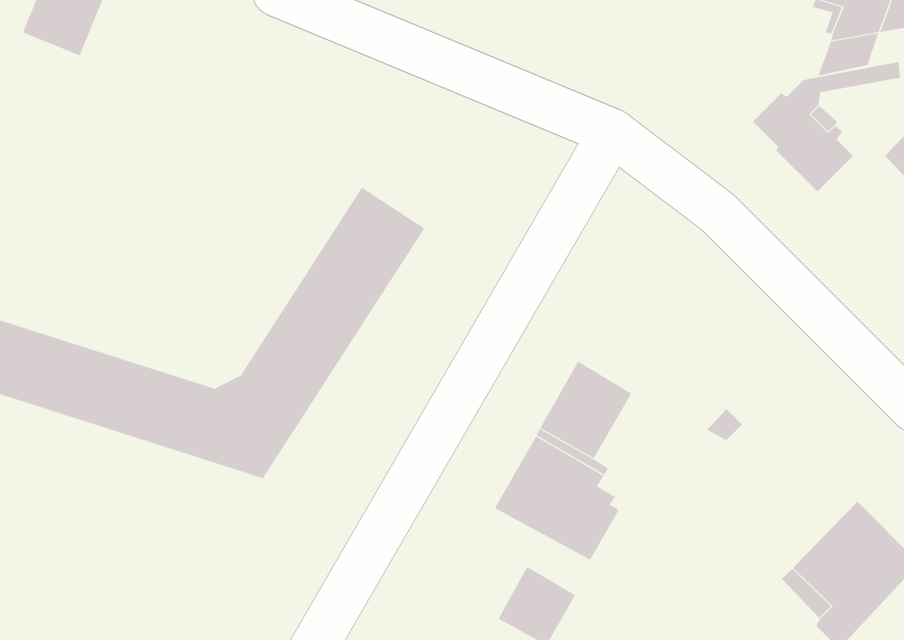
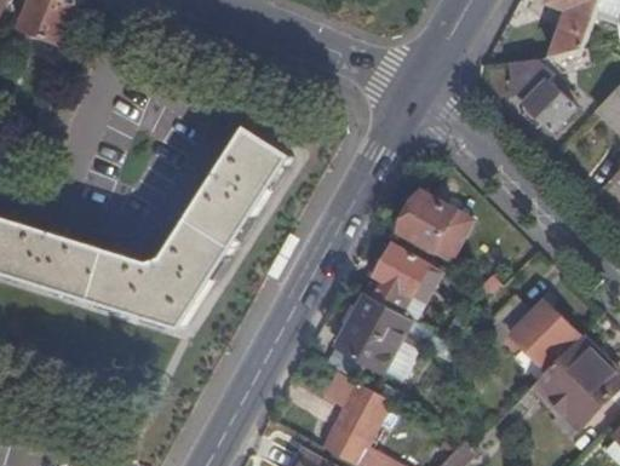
building: none -> [396,192,470,261]
building: none -> [487,295,575,370]

